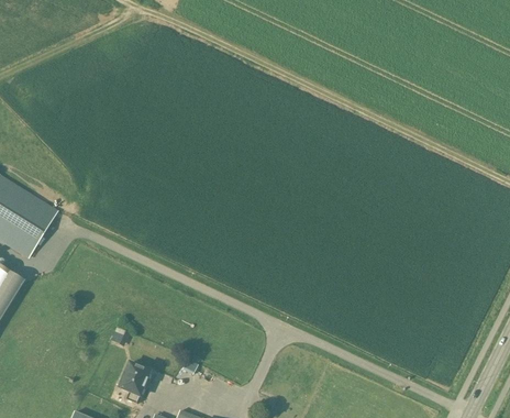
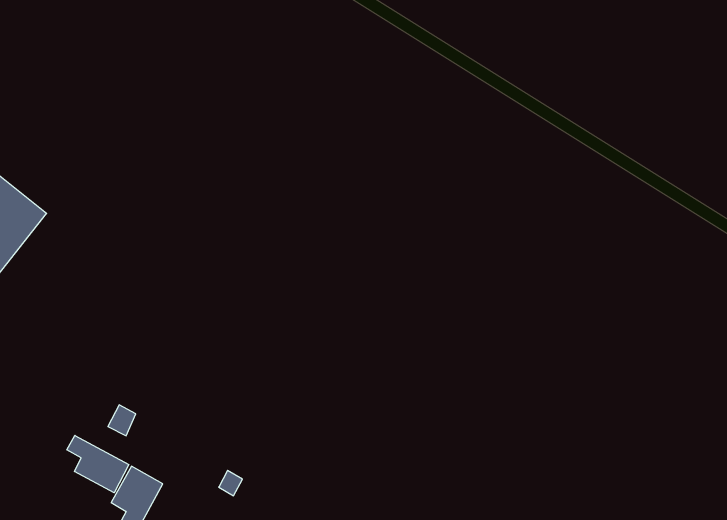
building: none -> [67,435,129,493]

